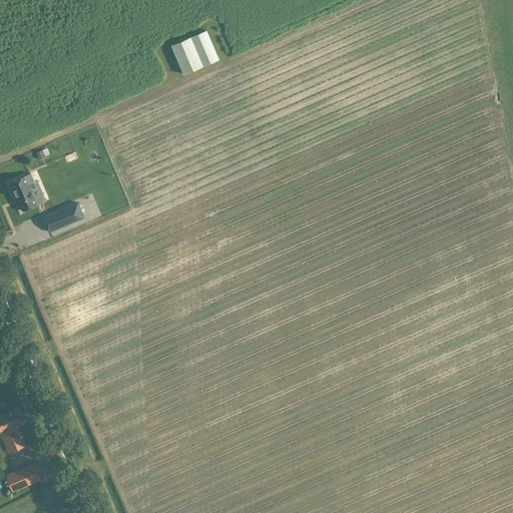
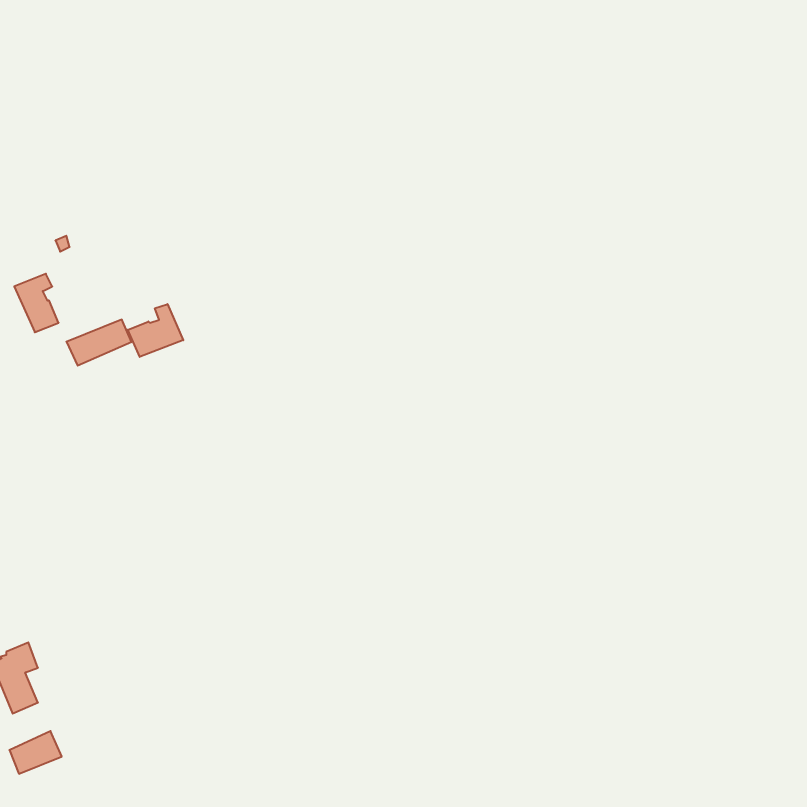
building: [170,30,218,75] -> none
building: none -> [128,304,183,357]

